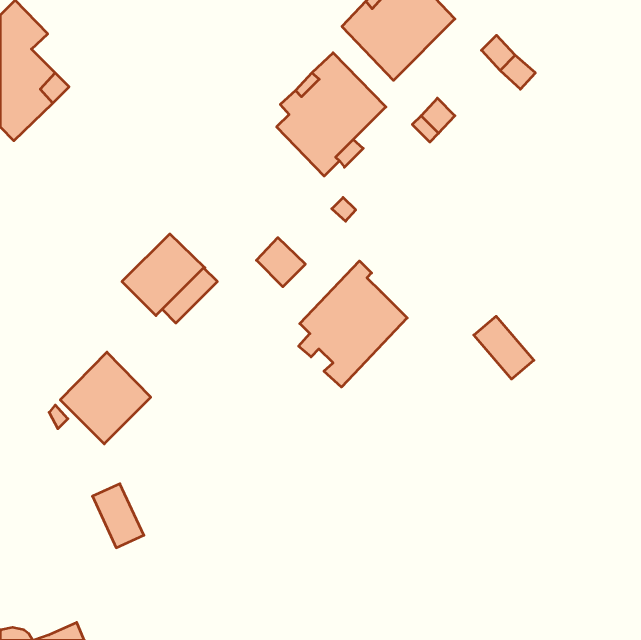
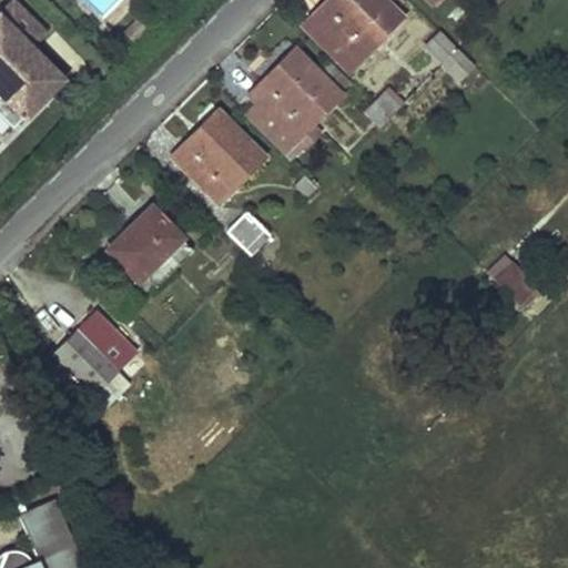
building: none -> [172,108,265,201]
building: [299,261,407,387] -> none
building: [474,316,534,379] -> [490,251,544,306]
building: [92,484,144,548] -> [23,504,69,560]

